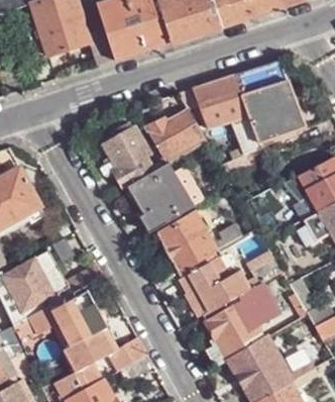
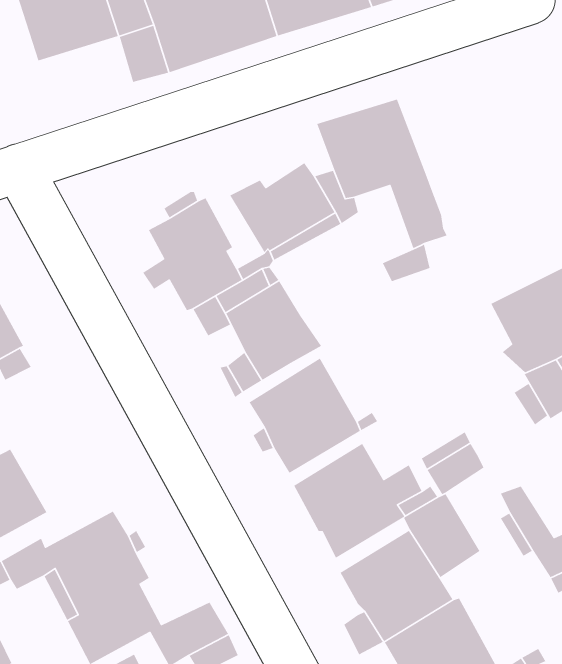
building: [235,61,307,143] -> none

